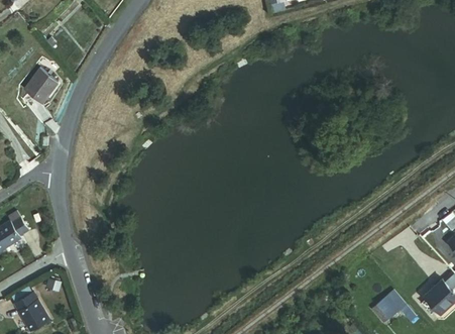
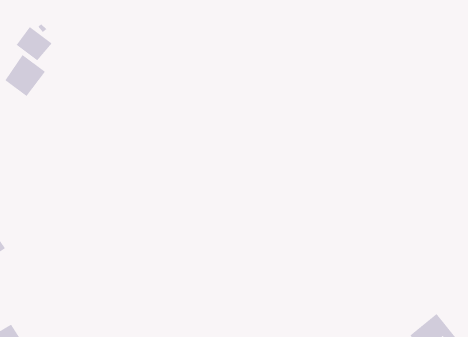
building: none -> [16,26,53,61]

